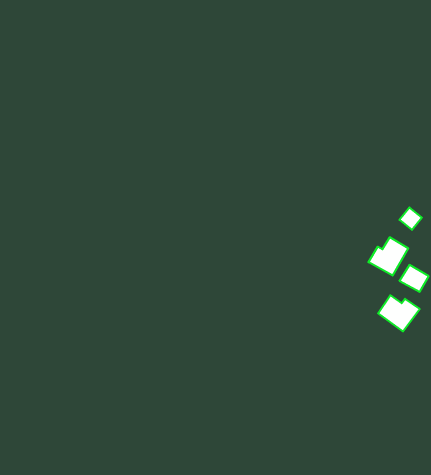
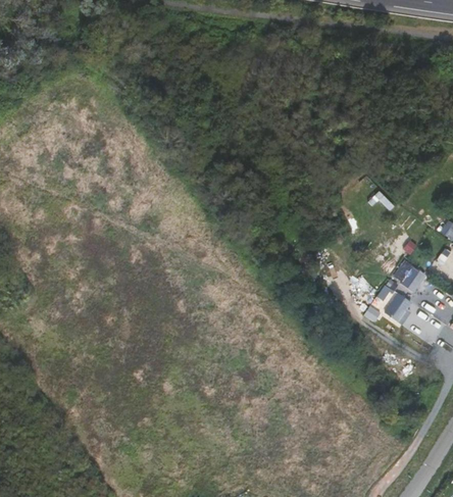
building: [368,237,408,276] -> none

